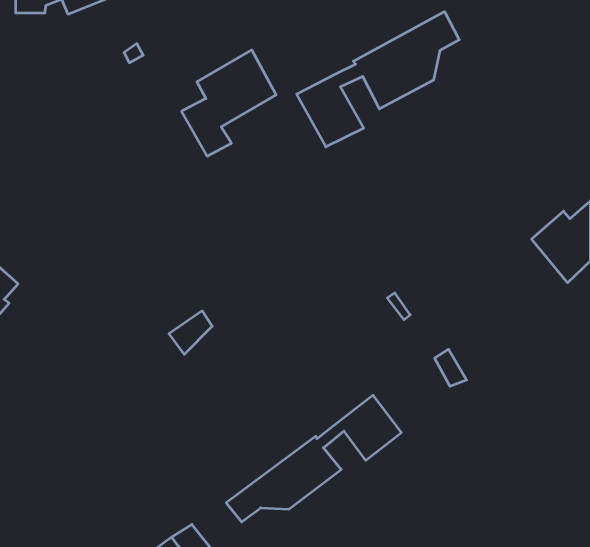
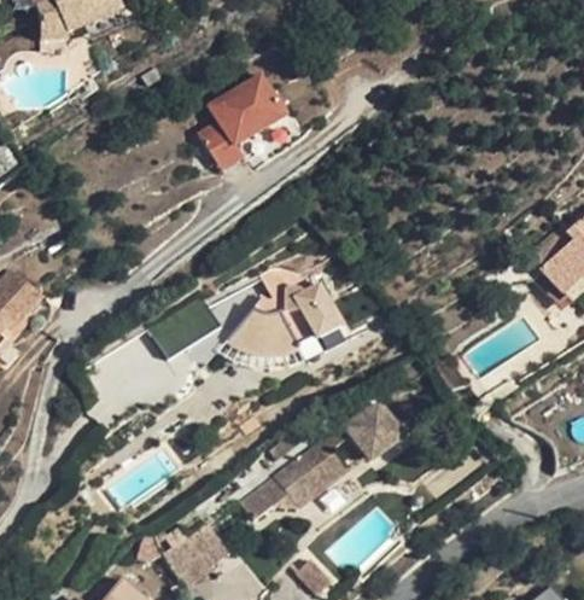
building: [297,12,459,147] -> none
building: none -> [227,267,341,355]

